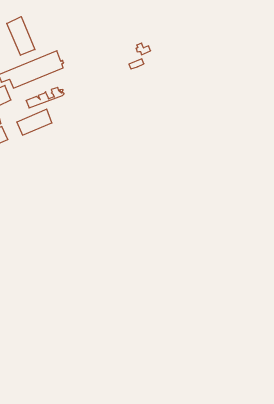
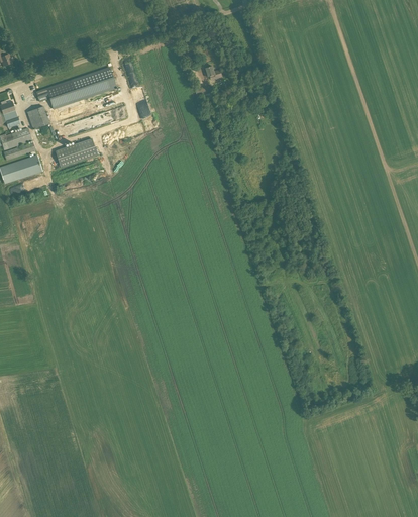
building: [7,17,35,55] -> none

